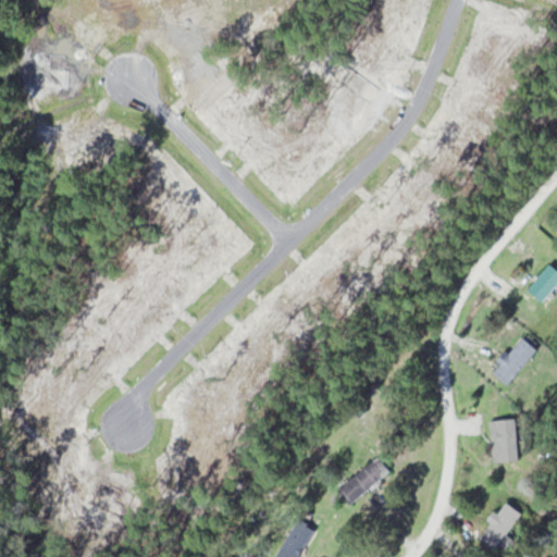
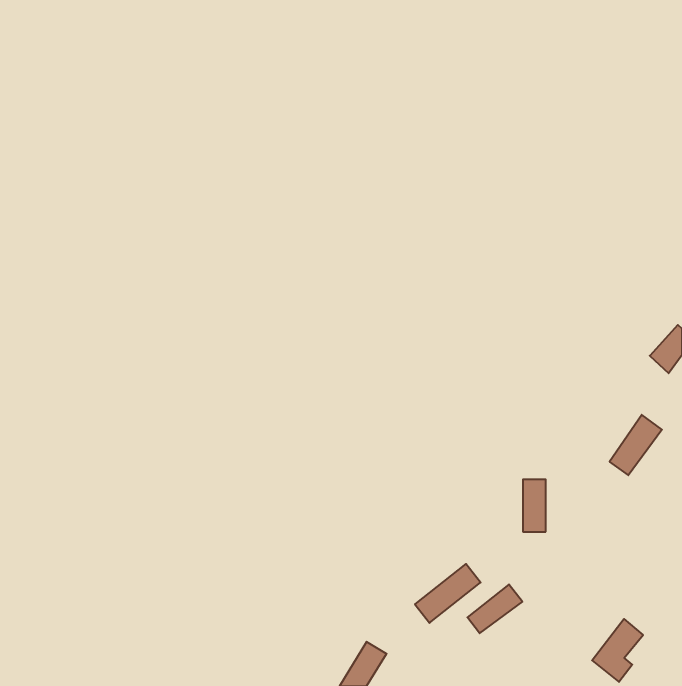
building: [497,419,516,461] -> [523,479,546,532]
building: none -> [467,584,522,633]

